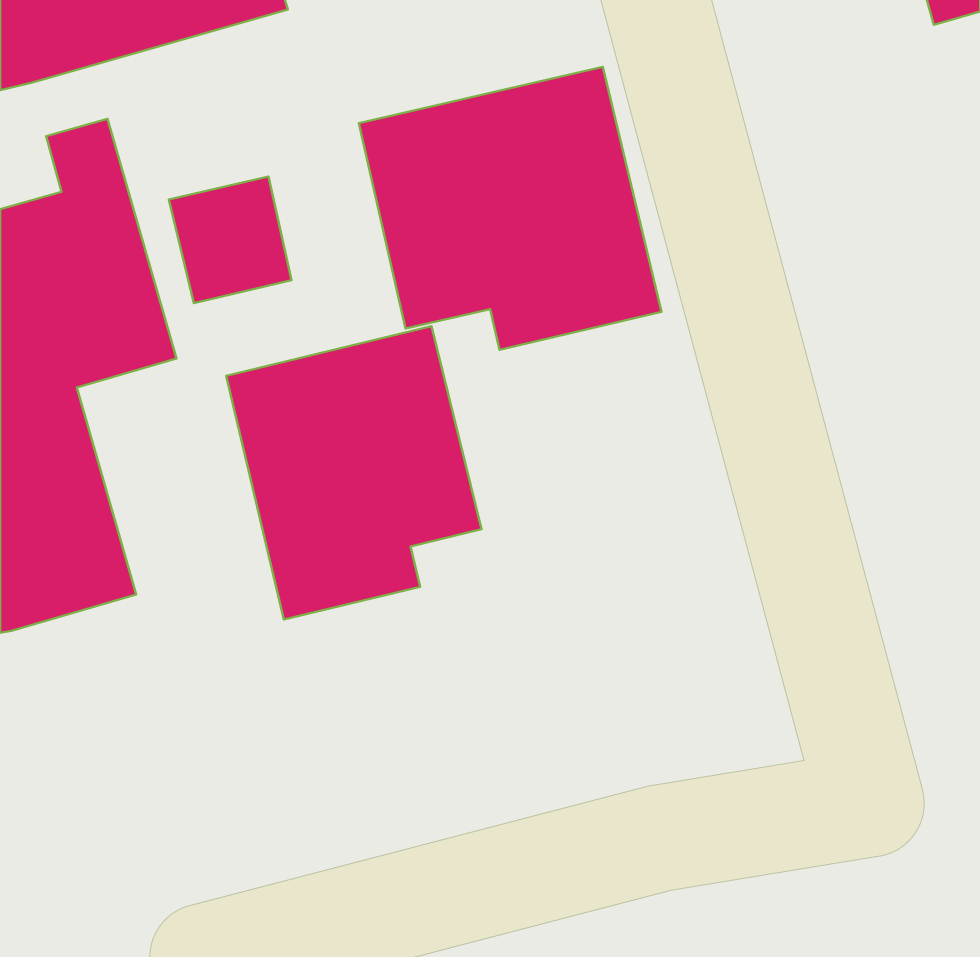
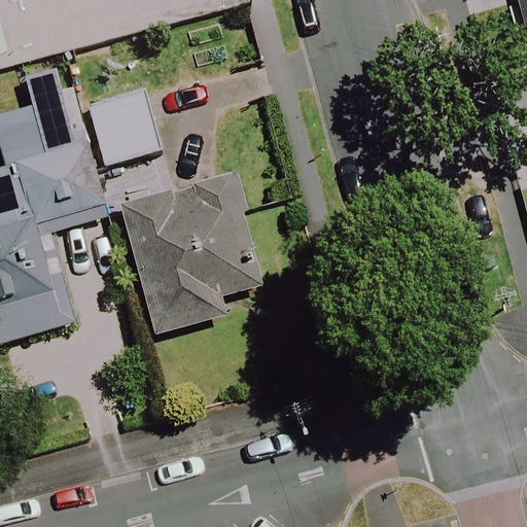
building: [359,67,661,350] -> none

